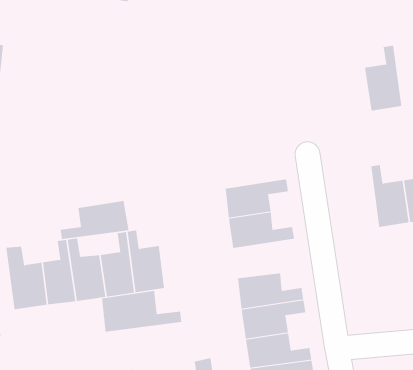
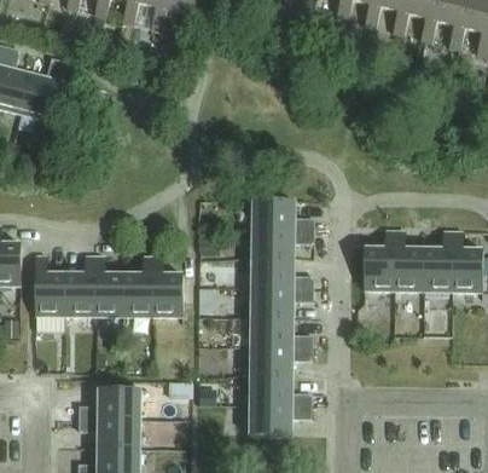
building: [364,45,402,111] -> [362,230,394,289]
building: none -> [252,200,313,230]
building: [60,200,129,240] -> none
building: none -> [251,288,312,318]
building: [101,290,182,333] -> none

